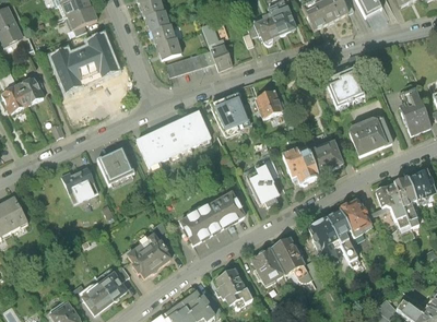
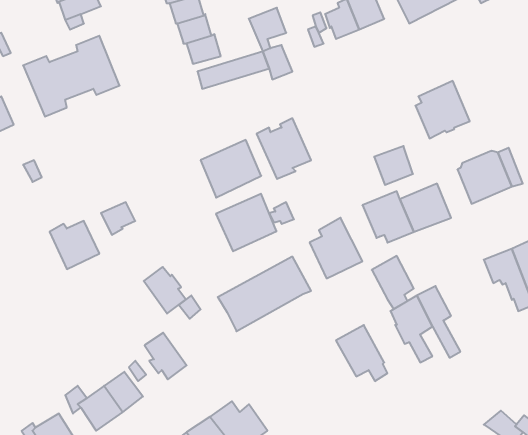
building: [260,88,287,116] -> [374,146,413,185]
building: [141,122,184,163] -> [216,194,277,251]
building: [338,201,367,238] -> [372,256,414,309]
building: [146,234,176,266] -> [144,267,186,314]
building: [248,249,282,286] -> none
building: [213,270,250,305] -> none

